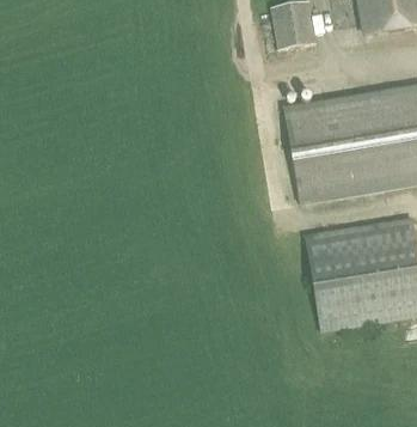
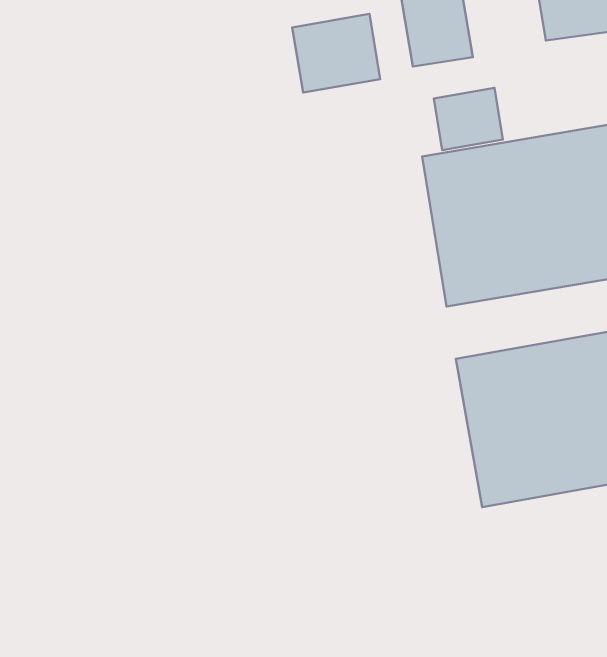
building: none -> [292,14,380,93]
building: none -> [434,88,503,150]

